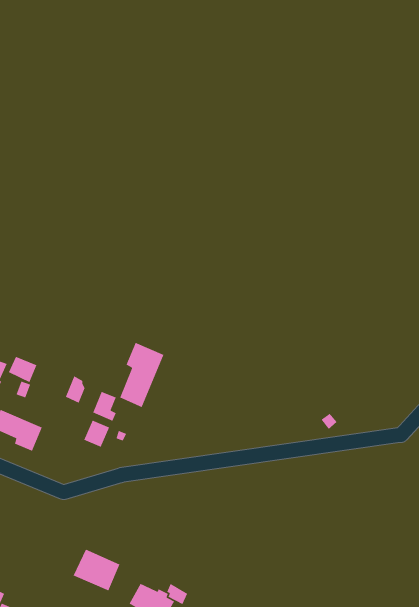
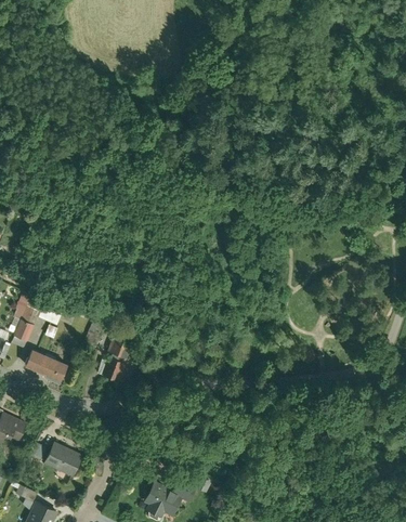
building: [119,342,165,408] -> none
building: [73,549,121,591] -> [42,446,82,482]

